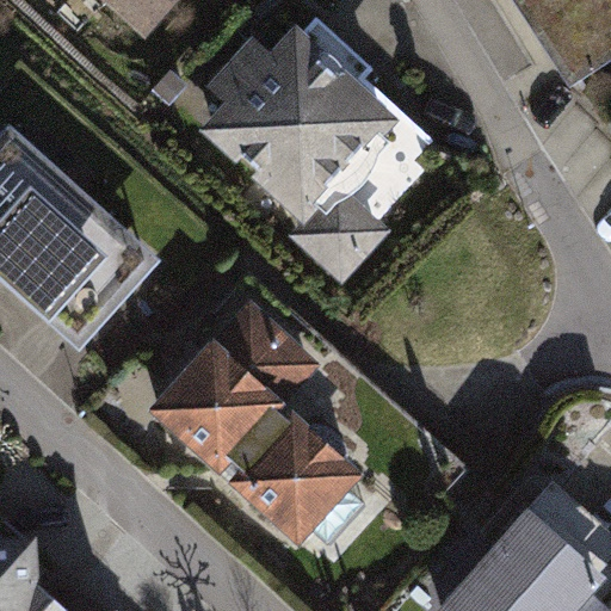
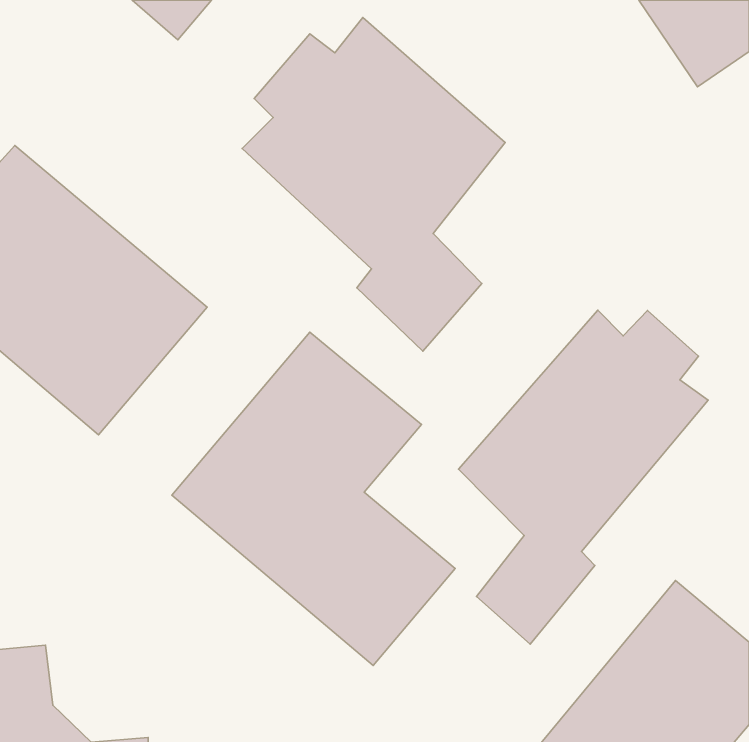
building: none -> [459,310,708,644]

